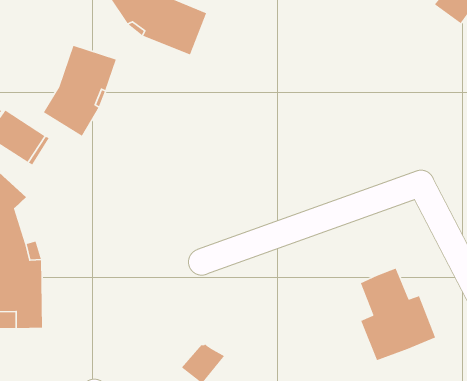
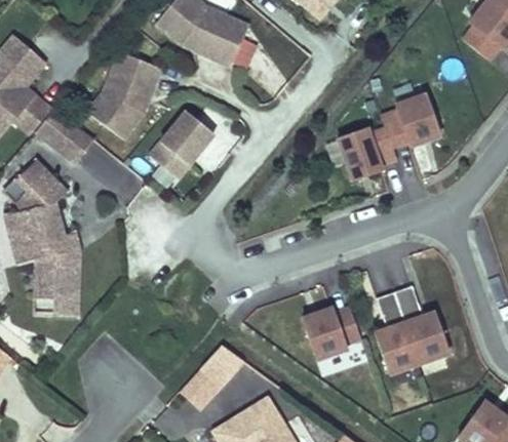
building: none -> [339,94,440,177]
building: none -> [149,109,211,175]
building: none -> [304,306,362,359]

